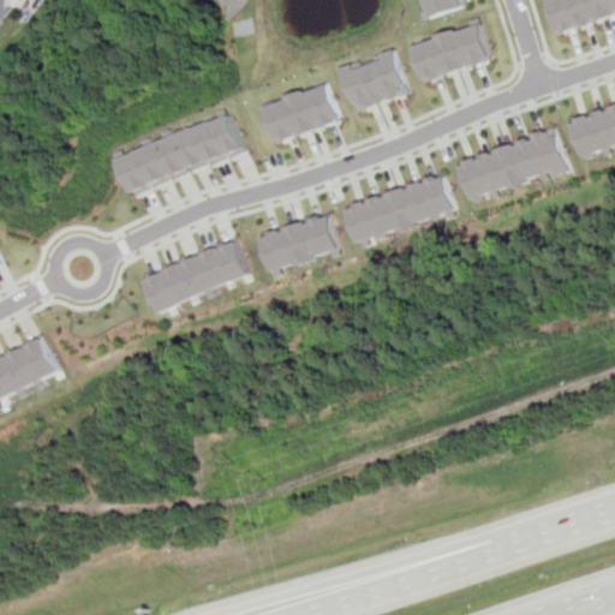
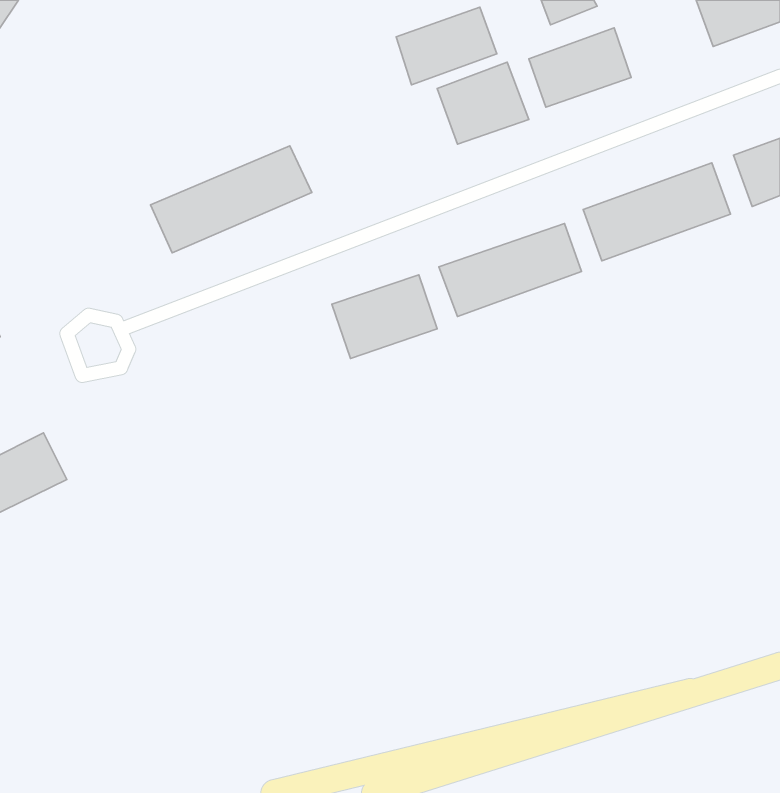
building: [259,84,338,144] -> [396,7,497,85]
building: [142,238,249,315] -> none

